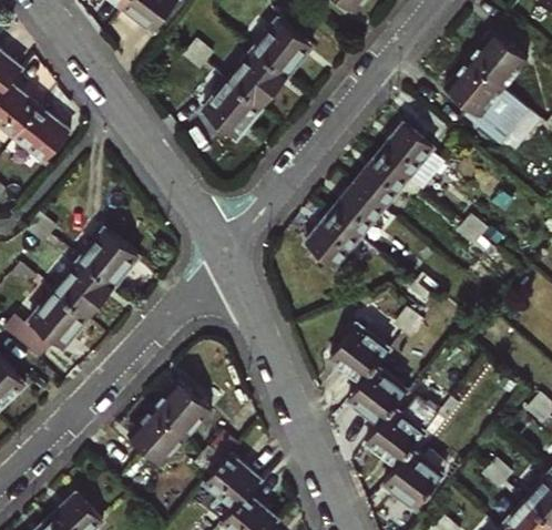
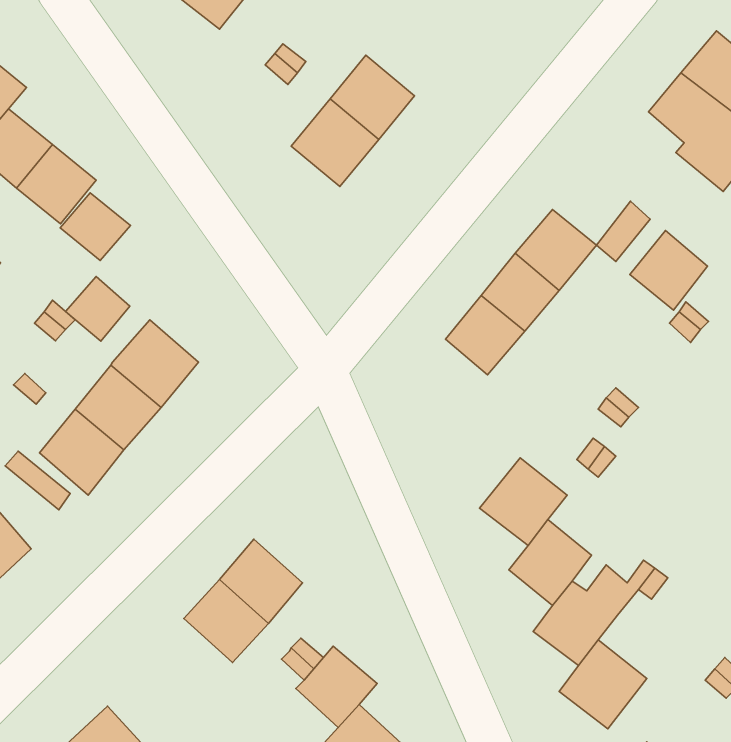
building: [238,18,310,77] -> none
building: [379,124,432,179] -> [630,231,708,310]
building: none -> [60,193,130,260]
building: none -> [66,276,130,341]

